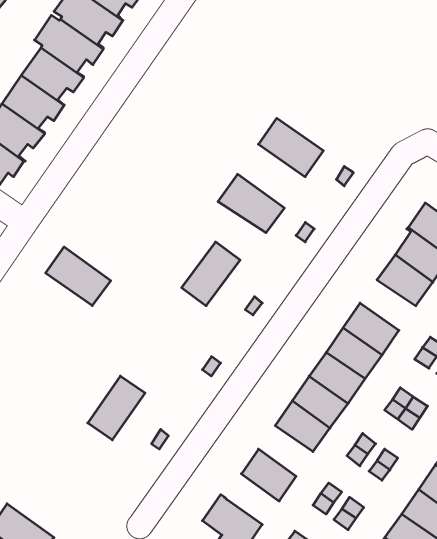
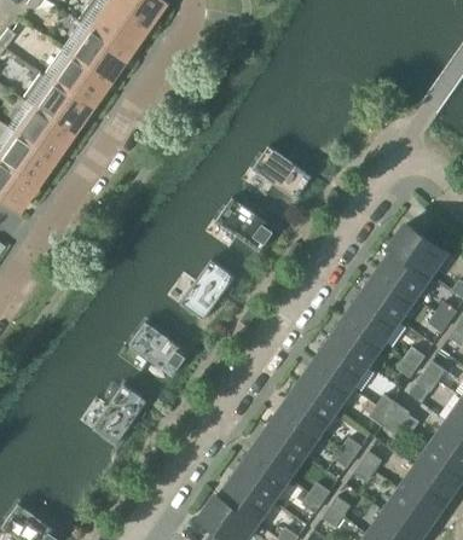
building: [46,247,111,306] -> [128,321,189,376]
building: none -> [346,295,398,342]
building: none -> [251,430,302,477]
building: none -> [220,475,271,522]

